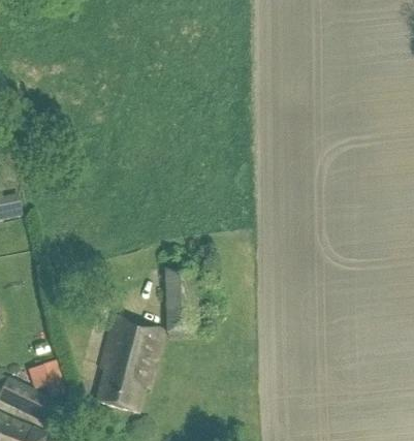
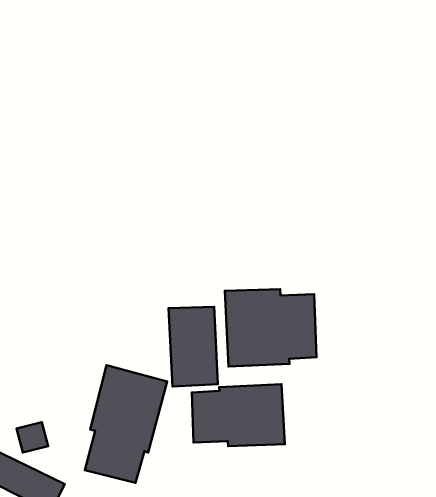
building: none -> [225,289,316,367]
building: none -> [192,384,285,446]

